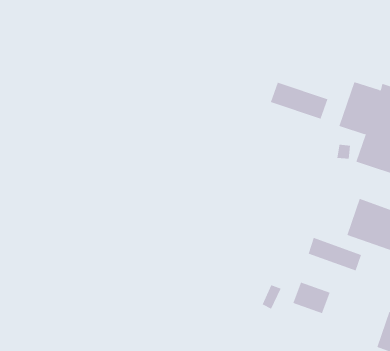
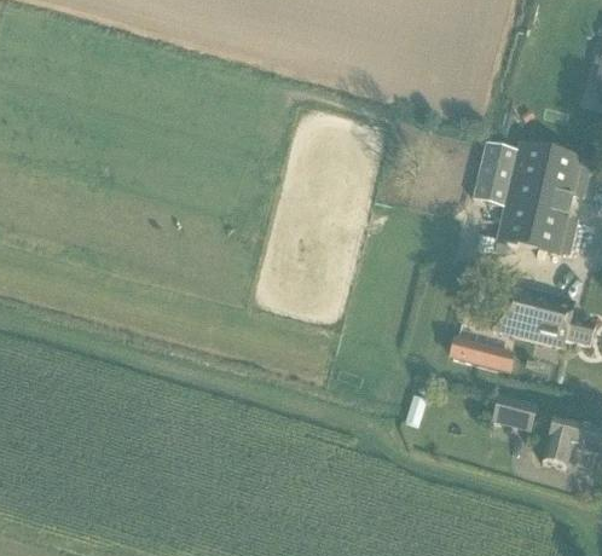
building: [270,82,328,120] -> none
building: [292,282,330,314] -> [494,394,539,430]

